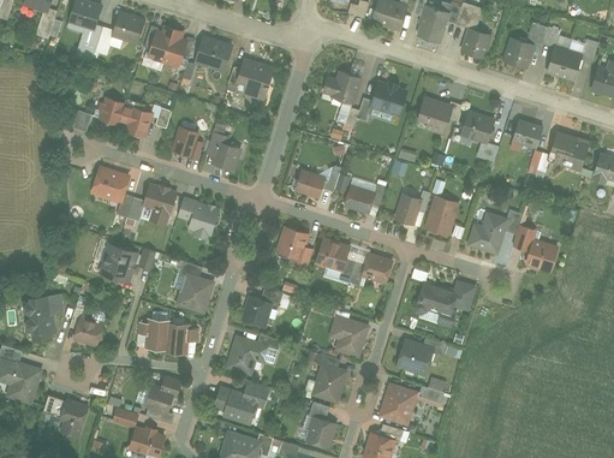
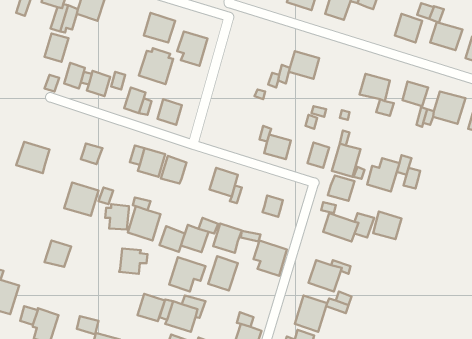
building: [145,24,187,69] -> [139,48,173,84]
building: [459,28,491,59] -> none
building: none -> [44,33,69,62]
building: [329,71,362,103] -> none
building: [417,96,453,135] -> none
building: [88,165,129,203] -> [16,142,50,173]
building: [292,168,323,198] -> none
building: [141,182,177,226] -> none
building: none -> [161,156,187,184]
building: [315,237,350,273] -> [213,224,242,253]
building: [523,238,558,272] -> [373,212,402,239]
building: [360,252,393,284] -> [328,175,354,201]
building: [24,293,64,341] -> none
building: none -> [159,226,185,252]
building: [138,317,167,349] -> [105,204,129,230]
building: [311,361,347,403] -> [208,256,238,291]
building: [143,380,177,414] -> [137,294,165,321]

